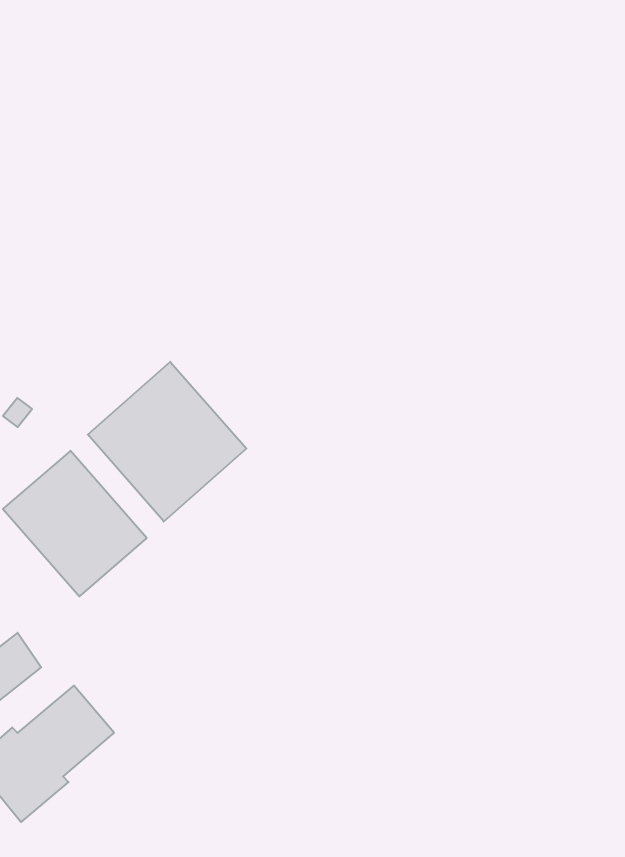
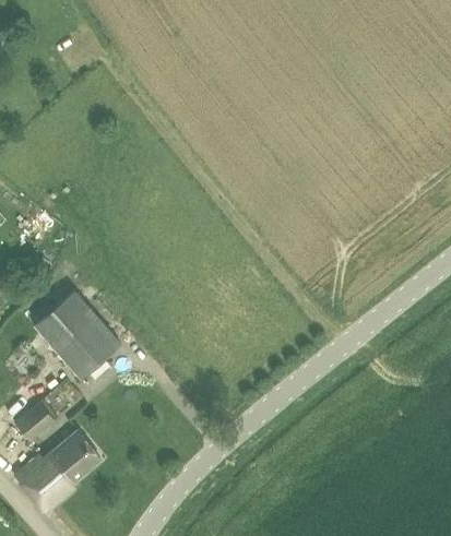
building: [88,362,246,522] -> none

